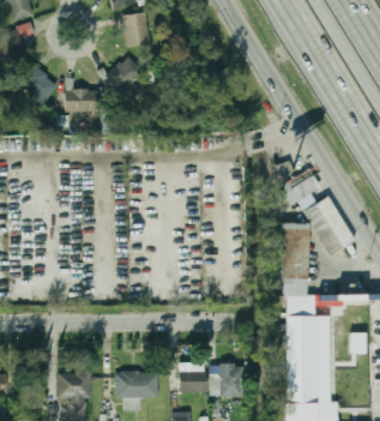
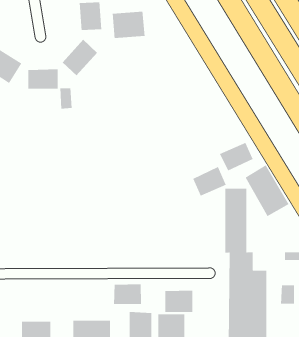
building: none -> [112,11,145,39]
building: none -> [193,166,226,196]
building: none -> [114,284,141,305]
building: none -> [165,290,193,313]

